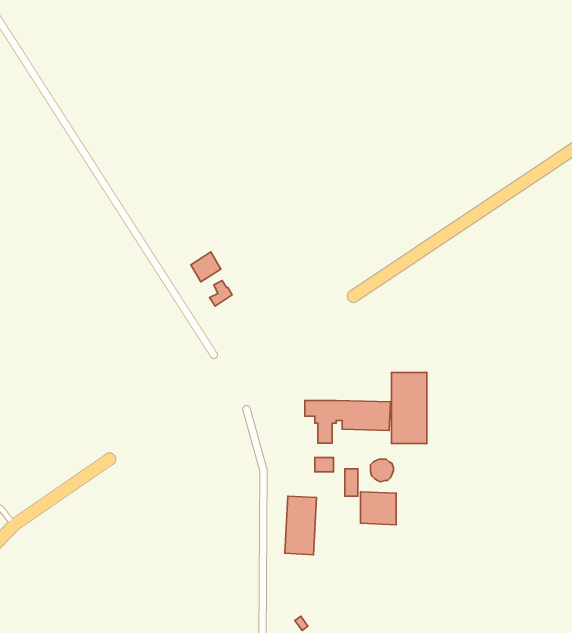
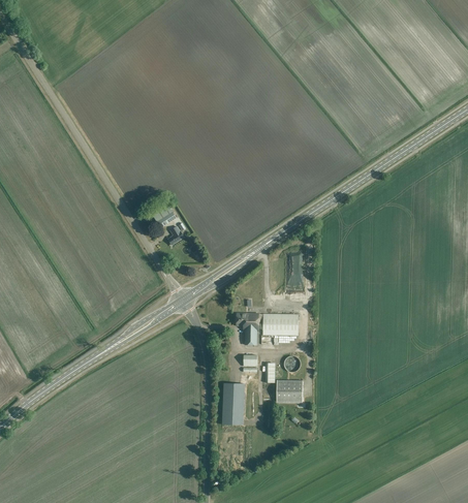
building: [391,372,427,444] -> none

